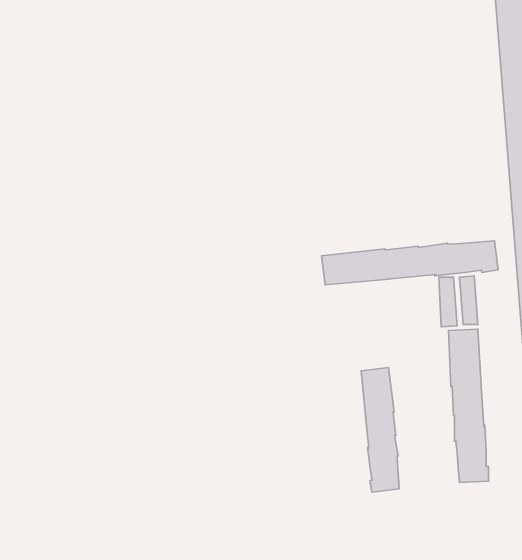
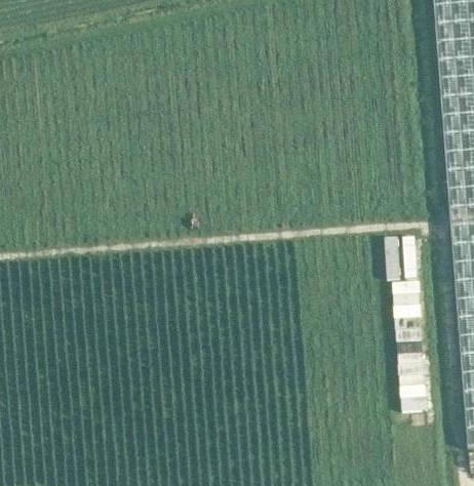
building: [322,241,498,285] -> none
building: [361,368,399,492] -> none

